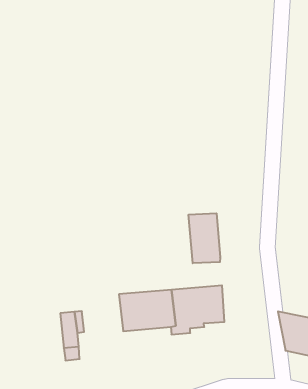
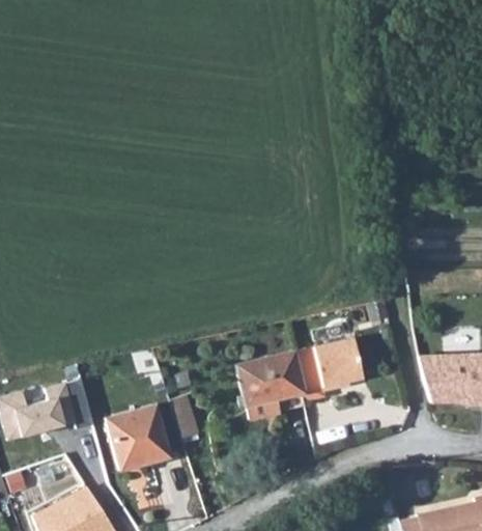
building: [189,213,220,263] -> none
building: none -> [115,402,169,465]

